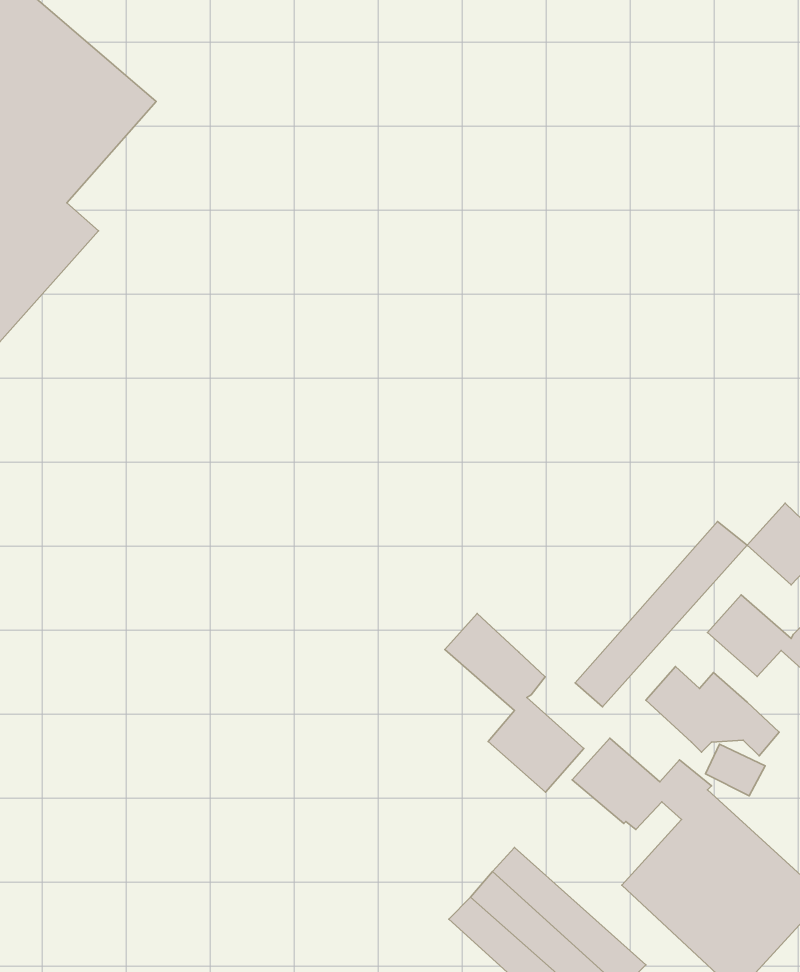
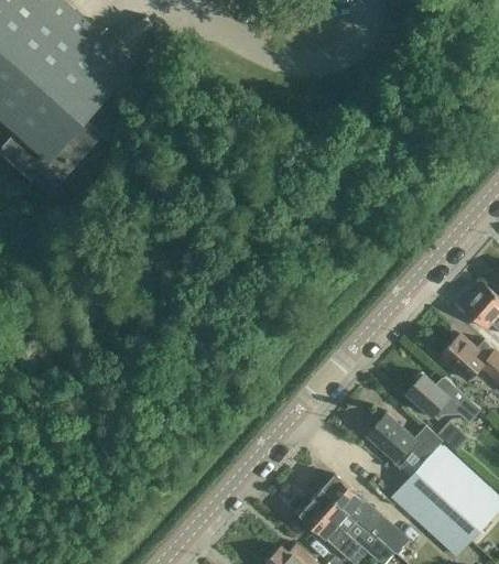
building: [575,521,747,707] -> none
building: [445,613,584,792] -> none

